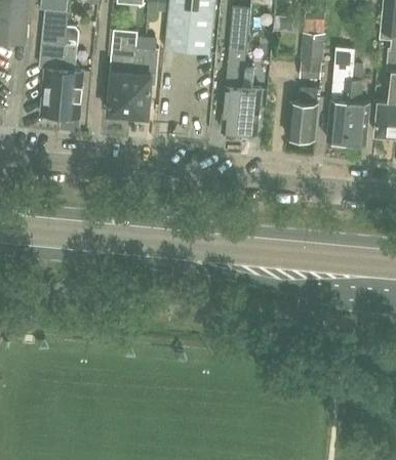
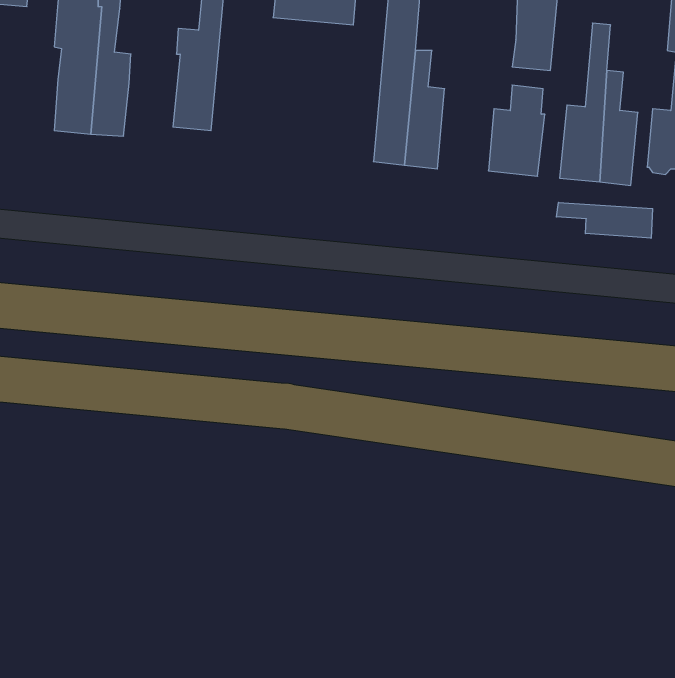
building: [129,48,159,117] -> none
building: none -> [556,202,653,238]

